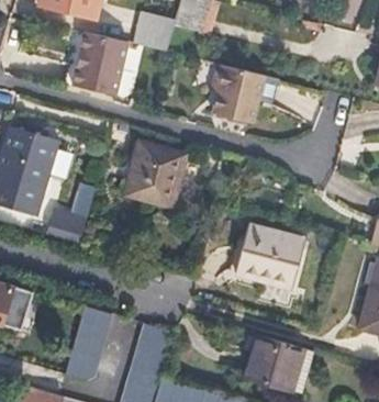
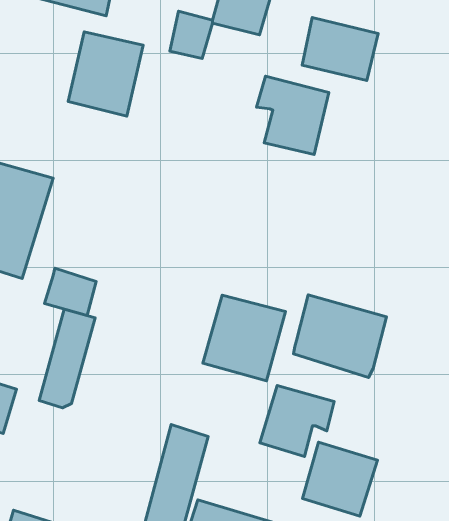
building: none -> [302,18,378,80]
building: [125,141,187,204] -> [203,295,286,381]
building: none -> [260,385,334,456]
building: [71,306,113,380] -> [39,309,95,408]

